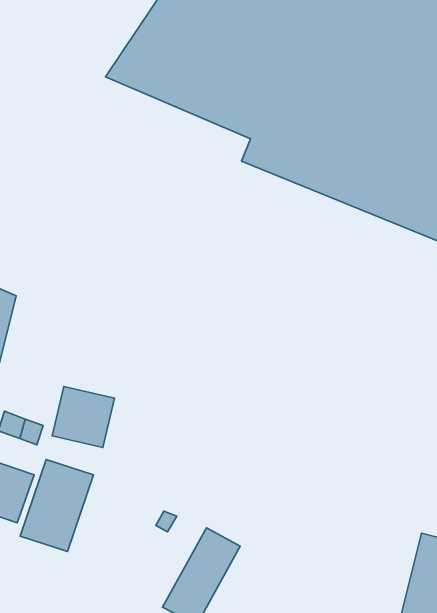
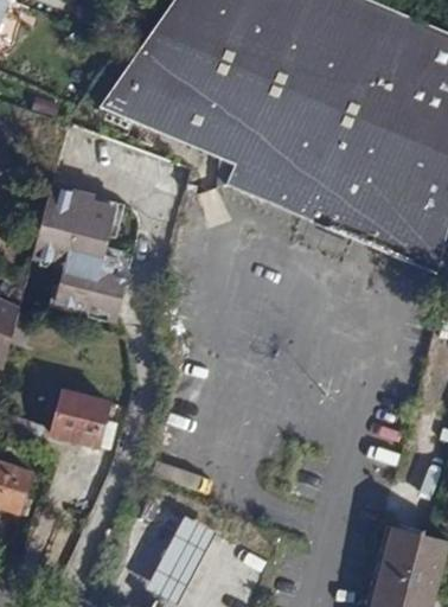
building: none -> [32,186,139,314]
building: [20,459,93,551] -> none

